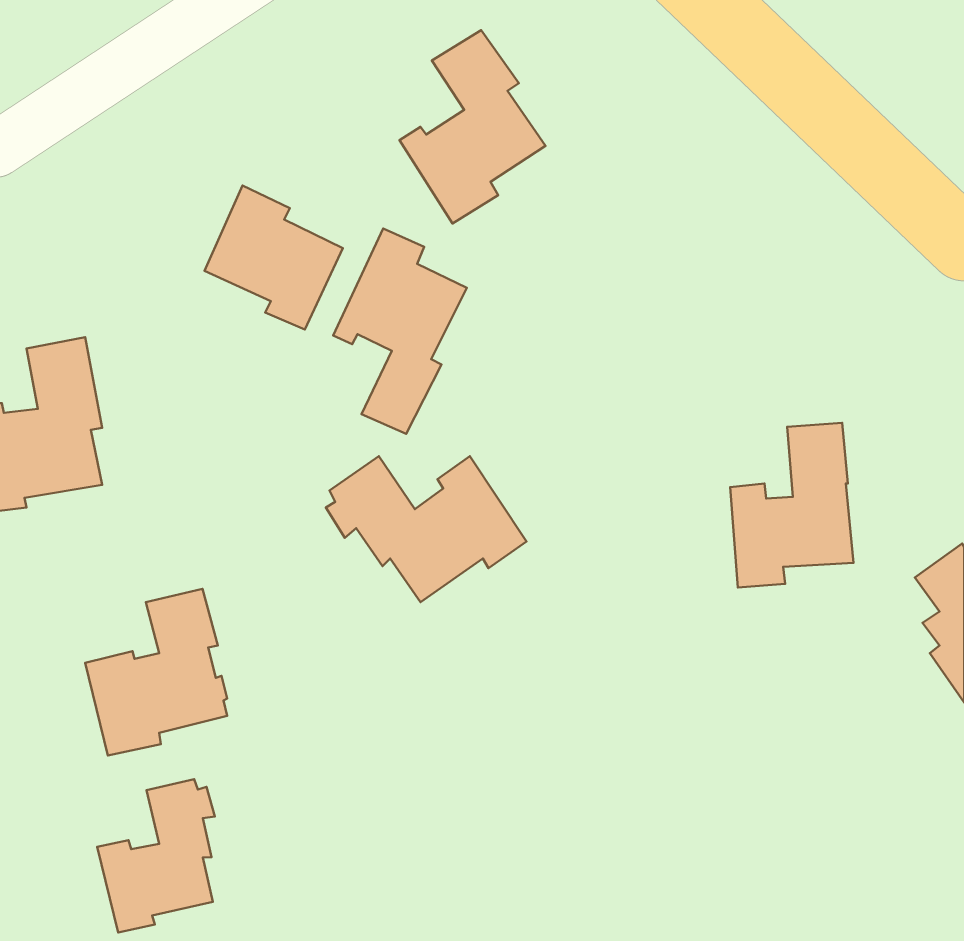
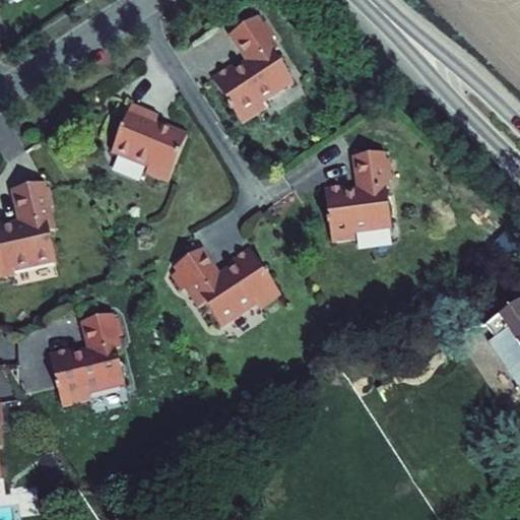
building: [333,228,467,434] -> none
building: [730,423,853,588] -> [325,155,391,244]
building: [97,779,215,933] -> none

